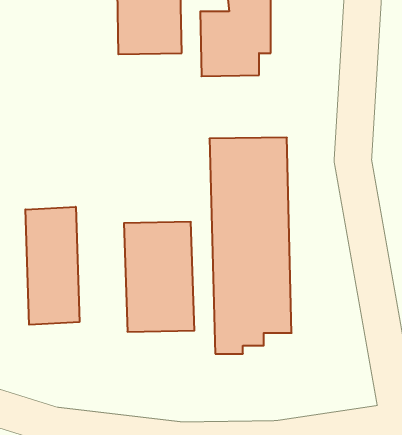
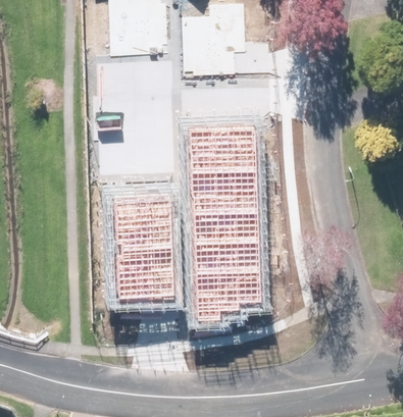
building: [25,207,79,325] -> none

